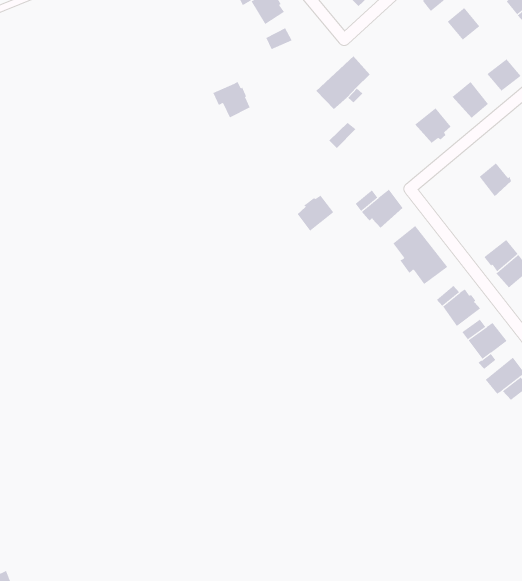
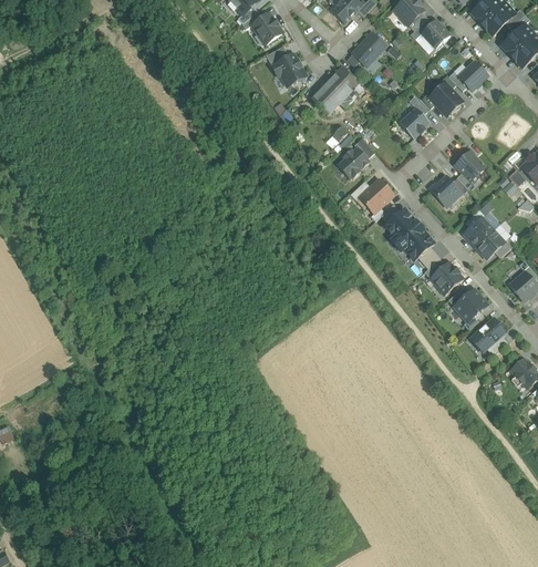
building: none -> [353,33,385,65]
building: [213,81,251,118] -> [272,54,306,86]
building: none -> [430,176,461,207]
building: [297,195,334,232] -> [338,147,370,179]

